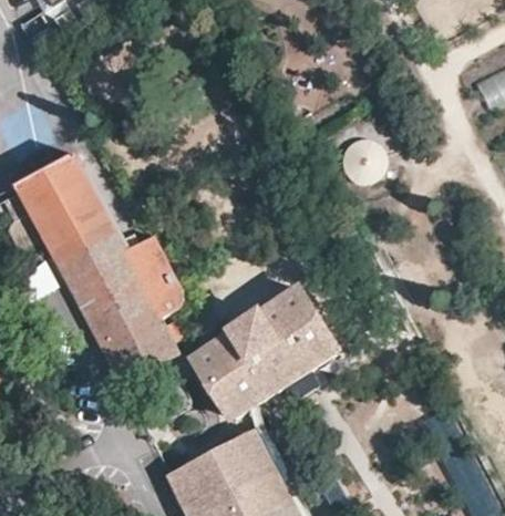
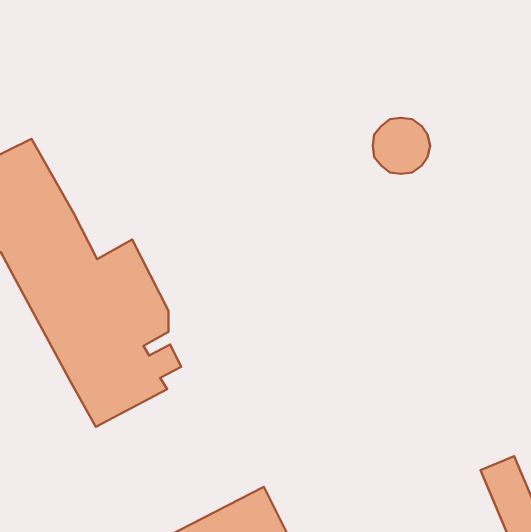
building: [190,286,339,421] -> none

